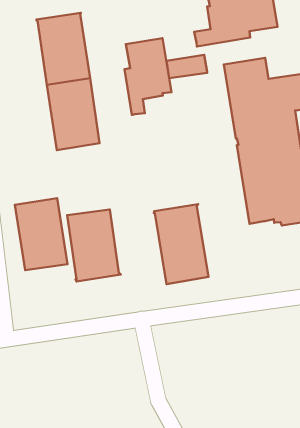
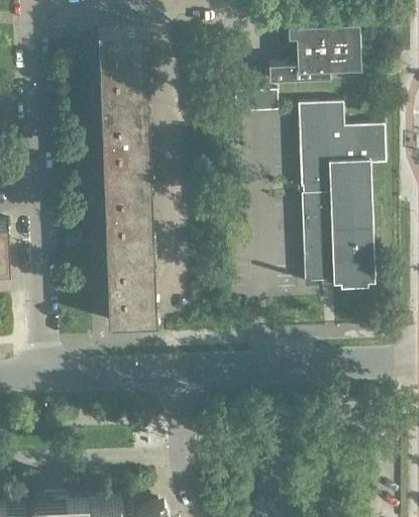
building: [125,38,172,115] -> none
building: [15,198,68,270] -> [103,179,153,253]
building: [154,204,209,284] -> none

